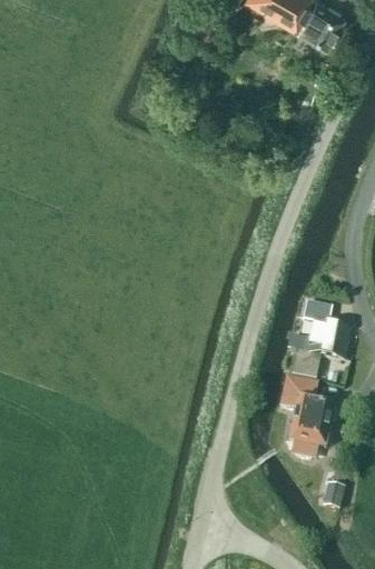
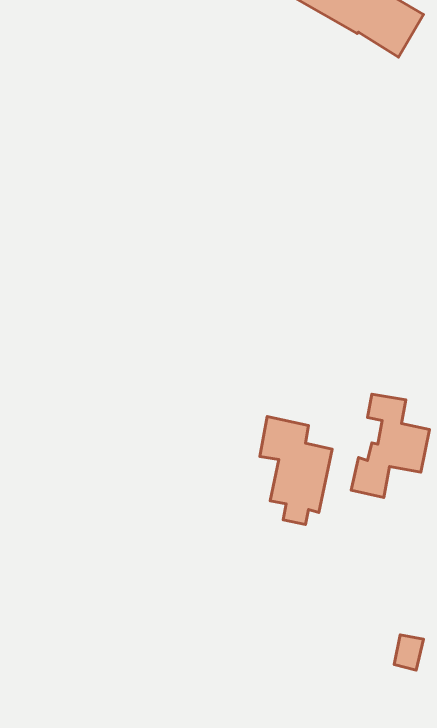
building: [282,378,336,459] -> [260,417,332,524]

